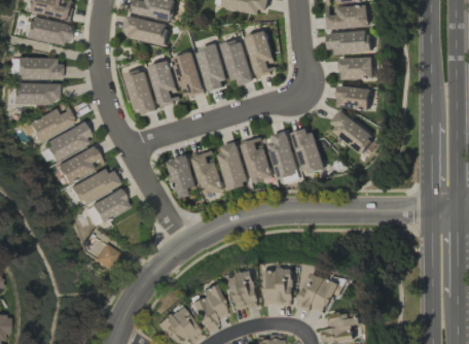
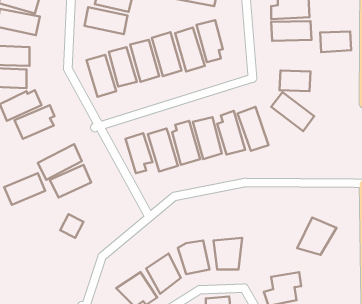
building: [339,57,373,79] -> [320,32,351,52]
building: [57,147,102,182] -> [4,173,45,205]
building: [296,272,339,313] -> [297,217,337,255]

